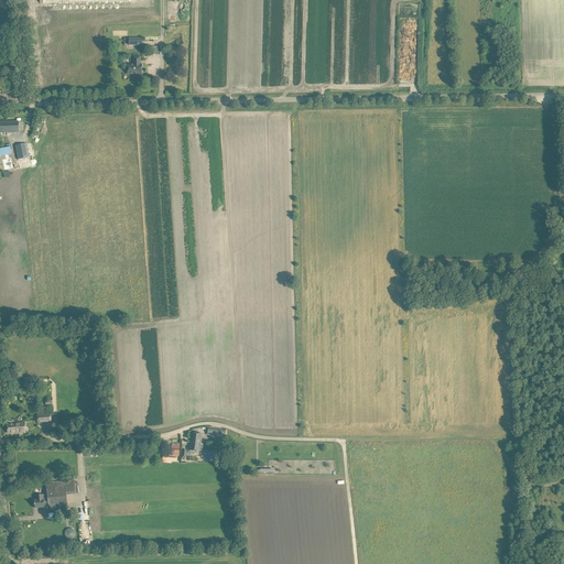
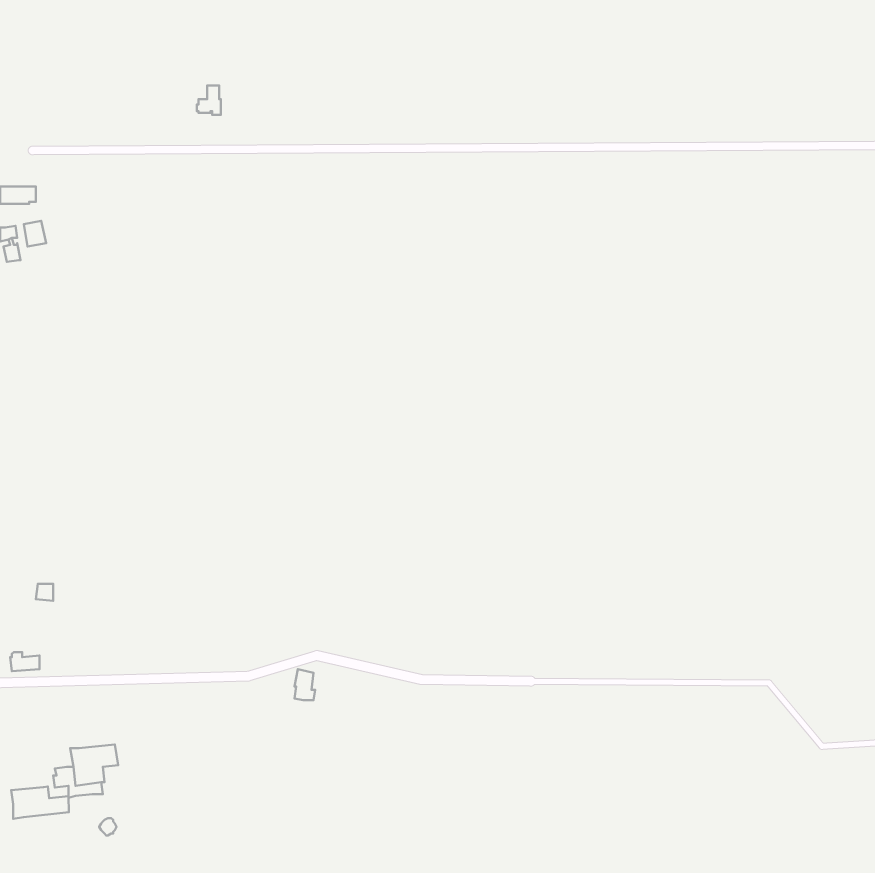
building: none -> [11,786,69,819]

